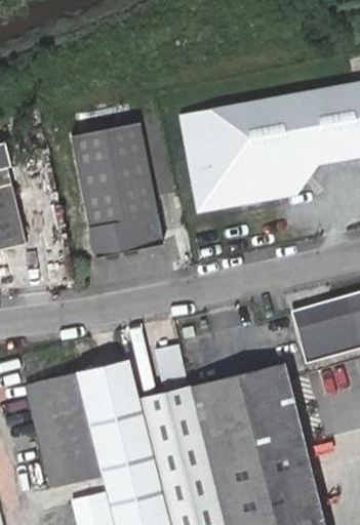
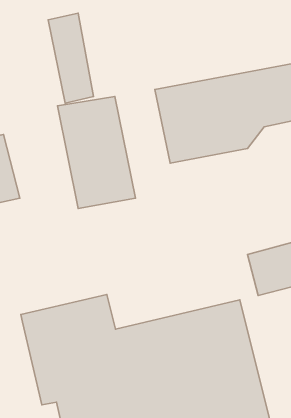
building: none -> [48,13,93,103]

